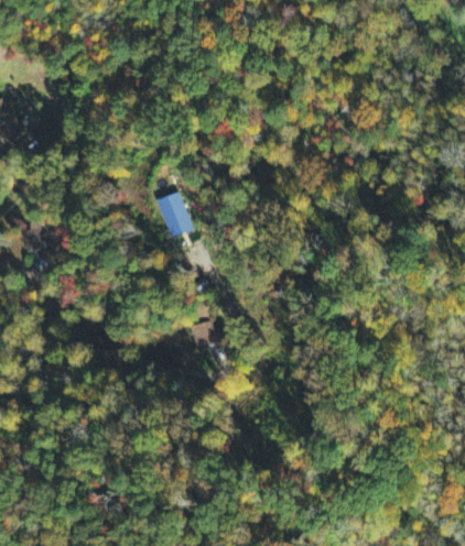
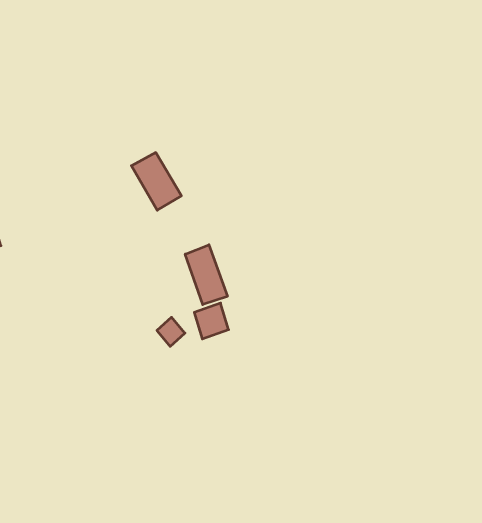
building: none -> [185,245,227,305]

